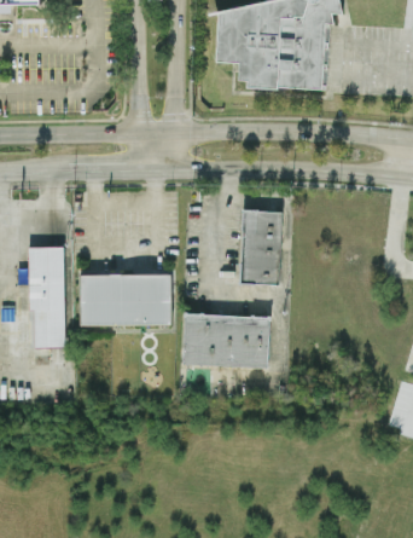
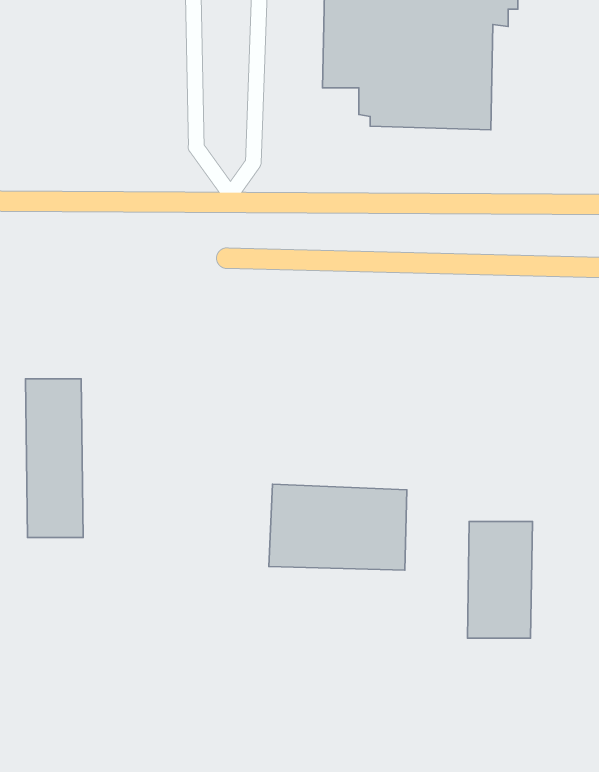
building: [240,210,281,284] -> [467,521,532,638]
building: [80,273,171,325] -> none

